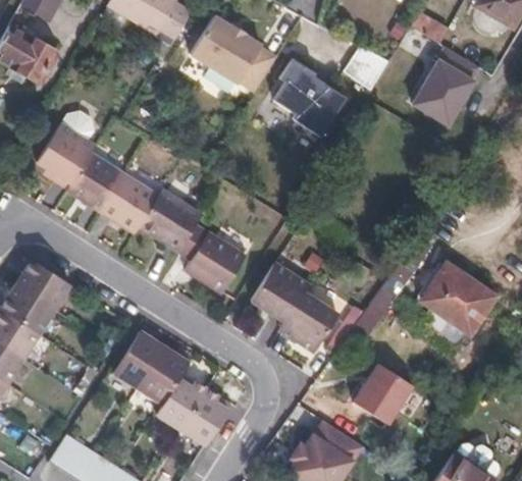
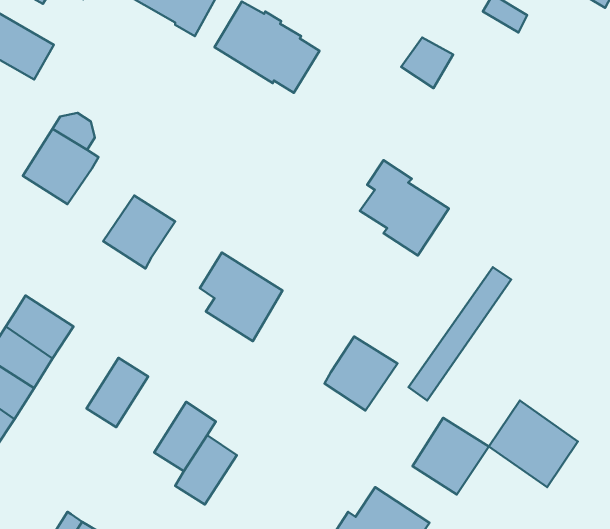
building: [411,45,480,124] -> none
building: [273,57,347,136] -> [360,160,449,255]
building: [64,154,123,214] -> none
building: [138,189,202,253] -> none
building: [252,261,311,322] -> none
building: [421,262,494,333] -> [489,401,578,487]
building: [115,331,166,388] -> [87,358,148,427]
building: [181,390,231,446] -> none

